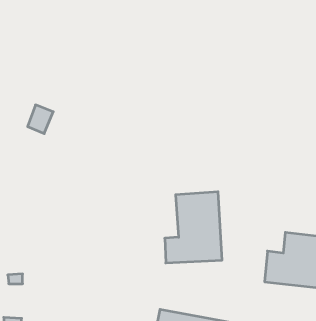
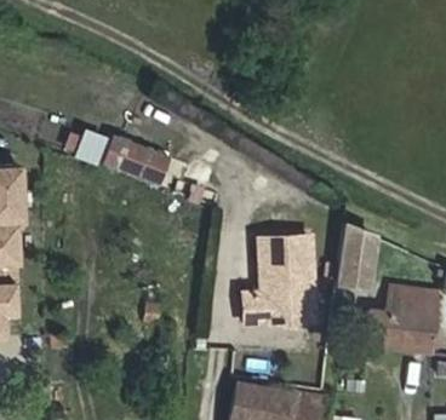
building: none -> [104,134,172,186]
building: none -> [338,221,376,288]

